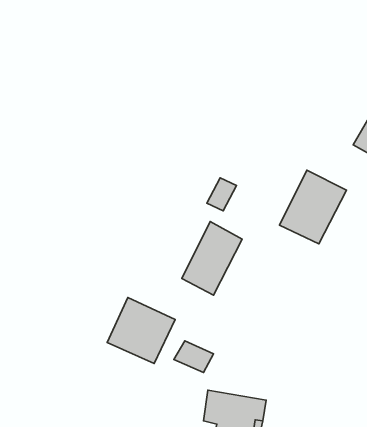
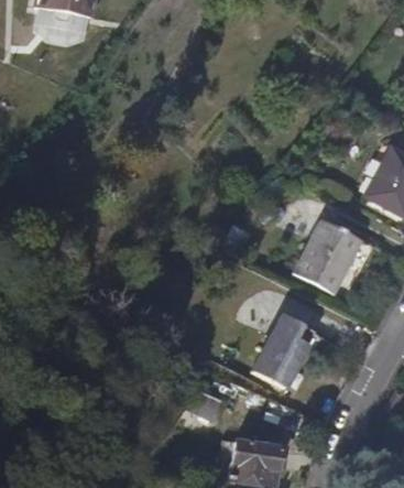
building: [182,221,242,295] -> [254,313,315,387]
building: [107,298,175,363] -> none

